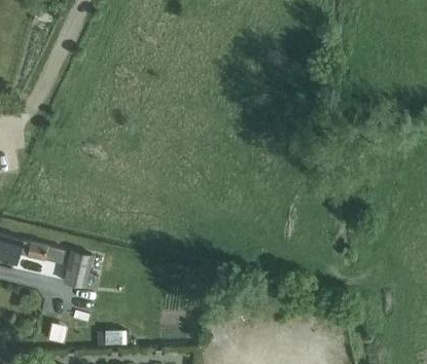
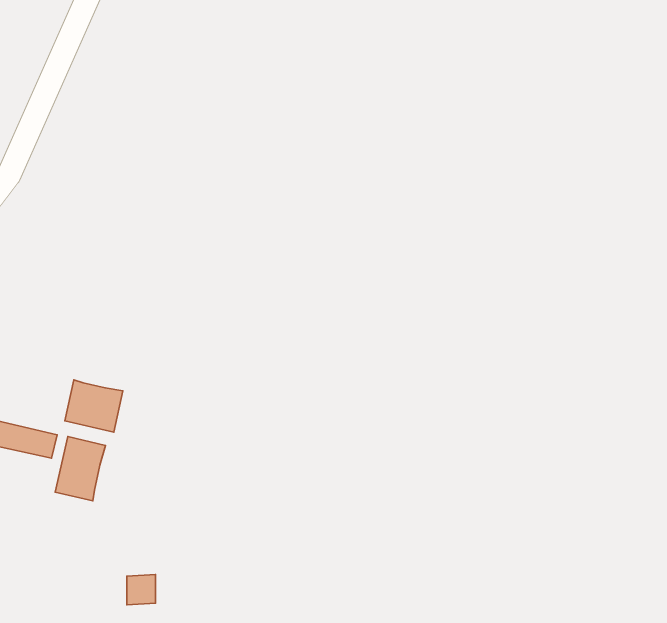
building: none -> [65,380,123,432]

